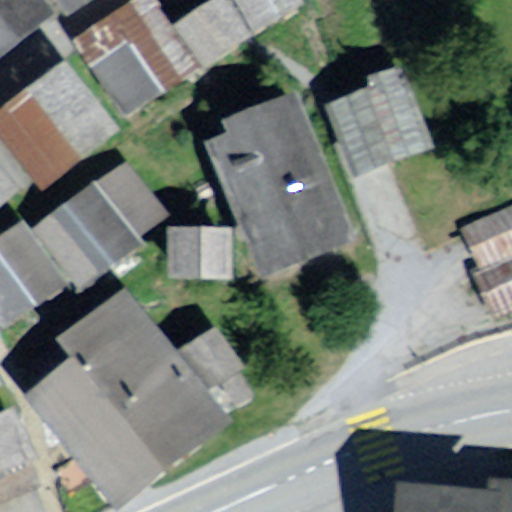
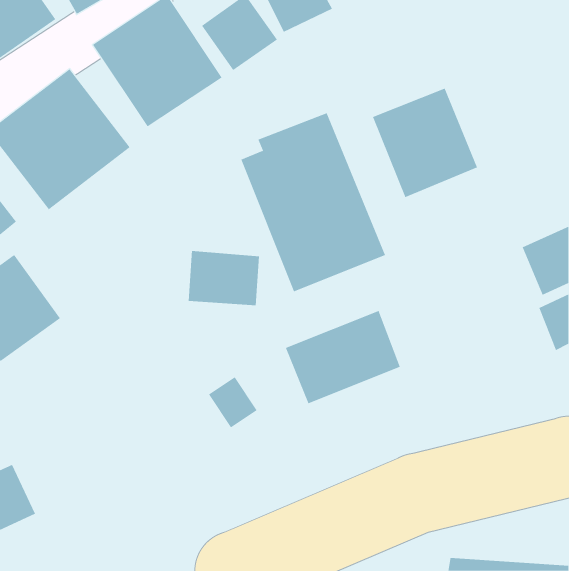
building: [41,162,162,277] -> none
building: none -> [285,310,401,404]
building: [38,302,213,500] -> none

